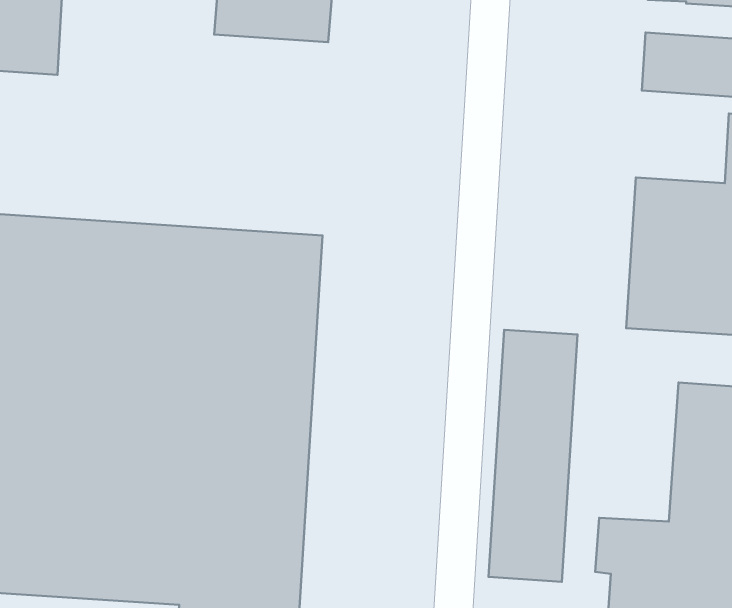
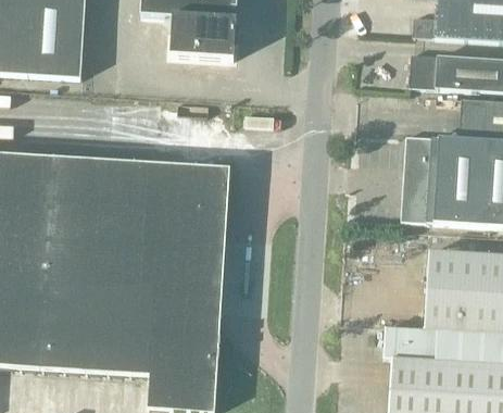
building: [489,330,577,582] -> none

